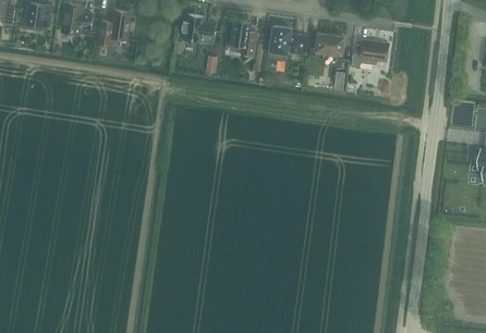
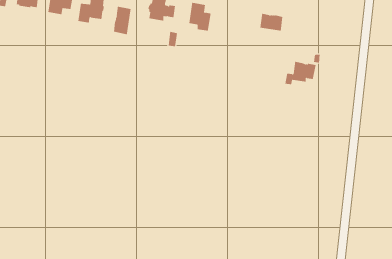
building: none -> [113,6,131,35]
building: [270,25,307,60] -> none
building: [351,39,389,67] -> [285,61,316,85]

